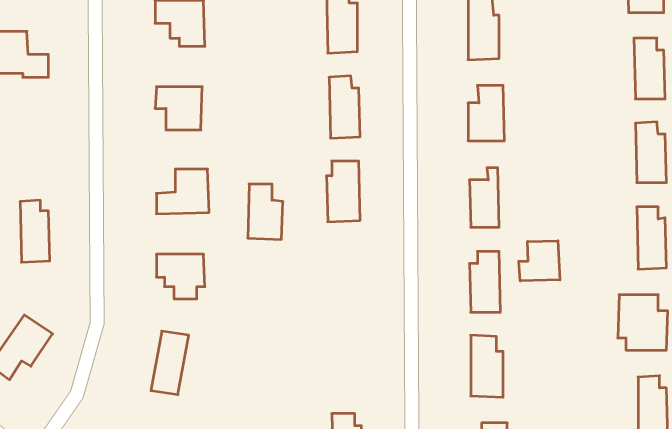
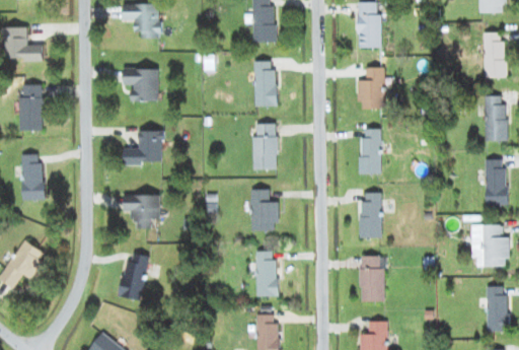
building: none -> [18,84,43,130]
building: [248,184,283,239] -> [250,189,277,230]
building: [519,241,560,281] -> none
building: none -> [255,251,276,296]

